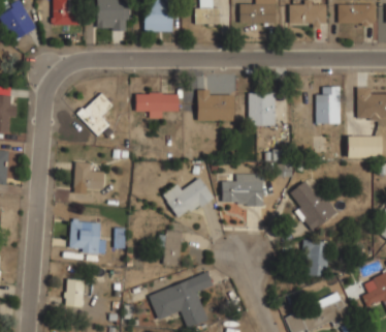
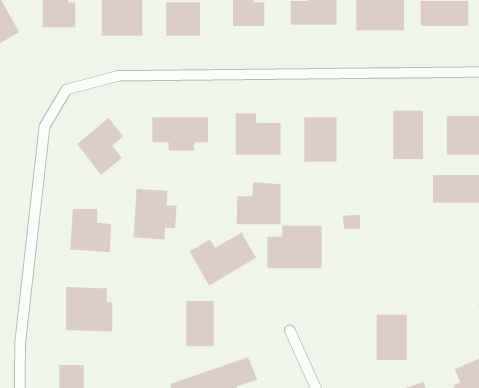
building: none -> [236,182,281,225]
building: none -> [133,188,177,240]
building: [292,178,337,233] -> none

